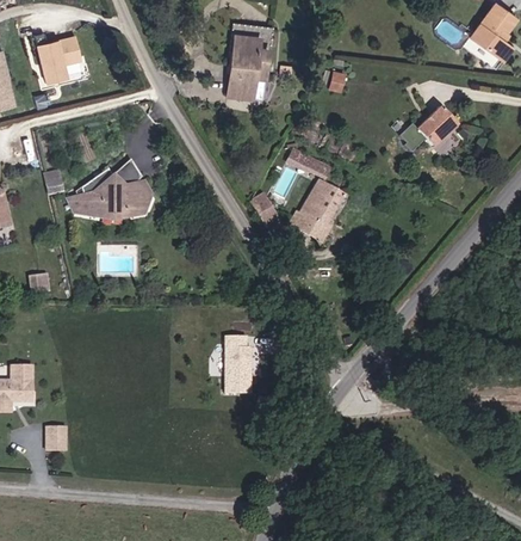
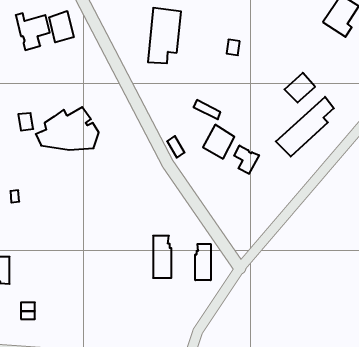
building: none -> [49,11,74,42]
building: none -> [276,97,334,157]
building: none -> [234,145,259,174]
building: none -> [195,244,211,280]

